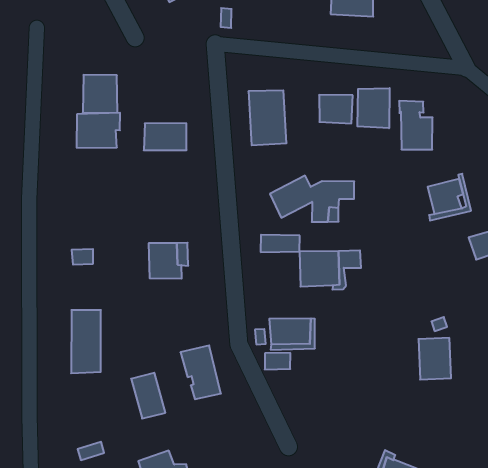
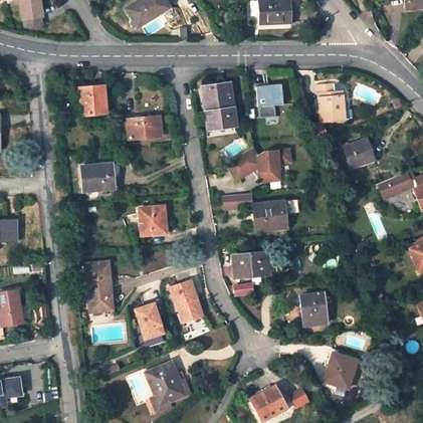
building: [357,88,390,128] -> none
building: [77,113,120,148] -> [81,163,115,192]
building: [418,338,451,380] -> [299,293,327,327]

